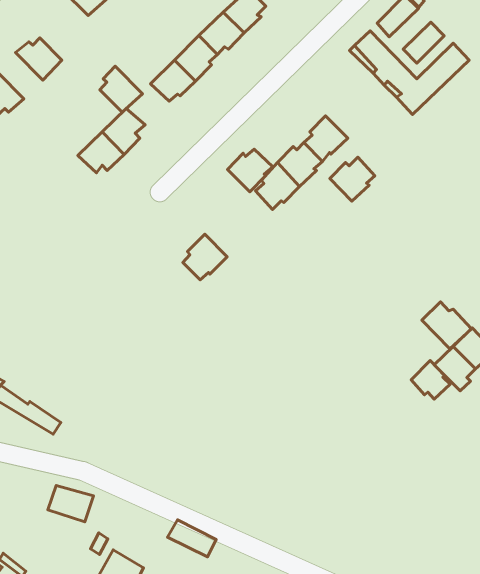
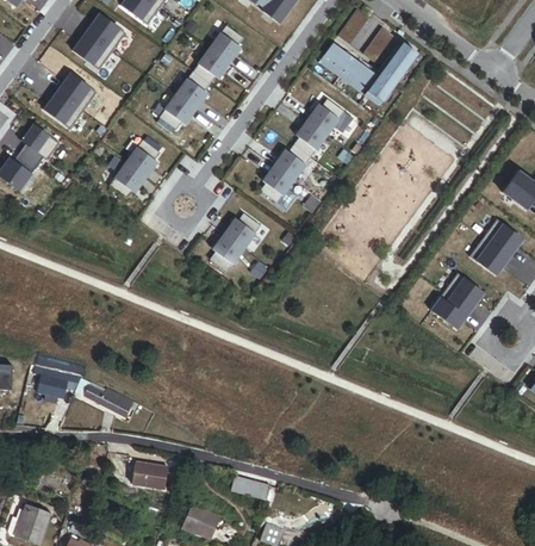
building: [100,66,142,112] -> [61,73,97,110]
building: [228,149,273,192] -> [224,213,261,249]
building: [330,157,375,201] -> [307,98,344,135]
building: [422,302,471,349] -> none
building: [411,361,450,399] -> none

